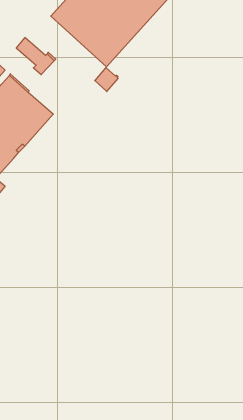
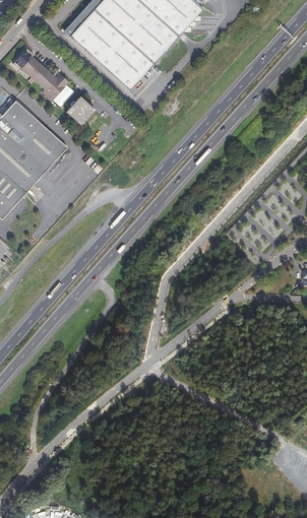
building: [95,67,118,92] -> [66,98,94,126]

